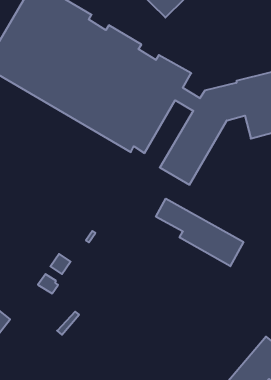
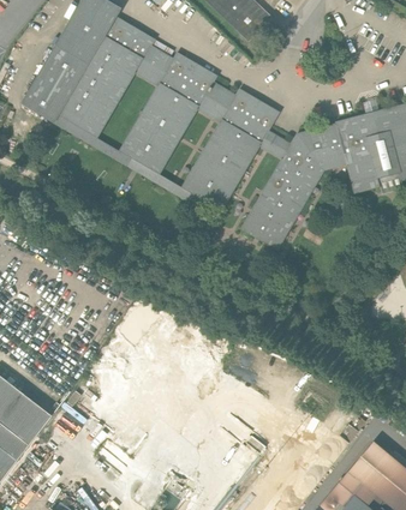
building: [156,199,243,266] -> none

